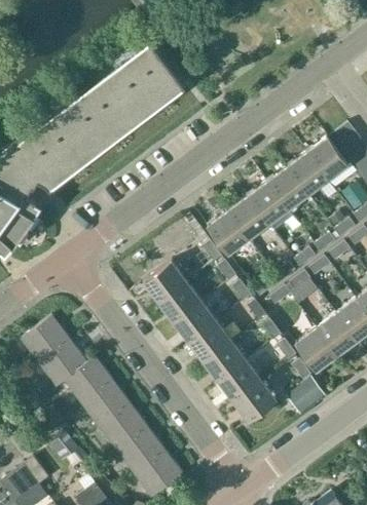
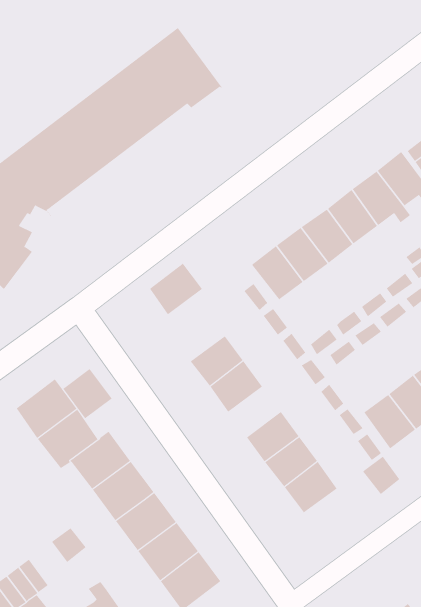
building: [146,262,188,303] -> [149,263,203,315]
building: none -> [62,368,112,419]
building: [190,322,232,362] -> none

